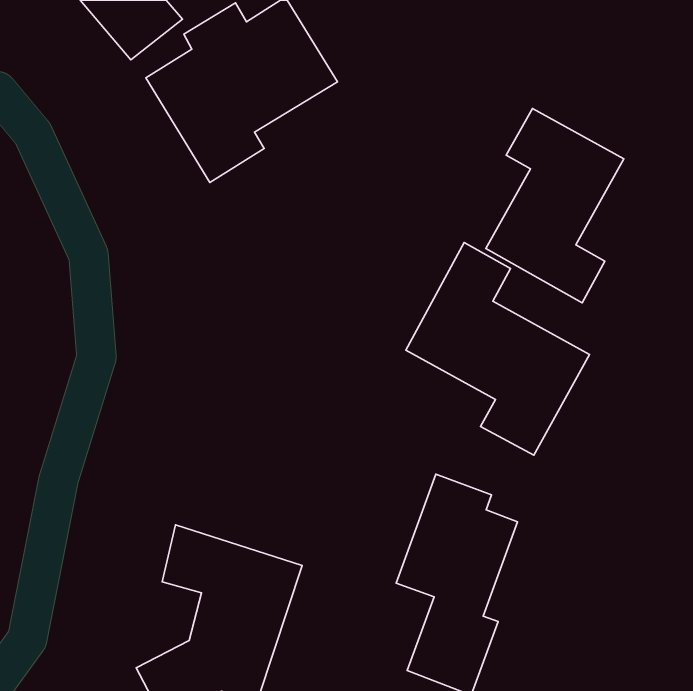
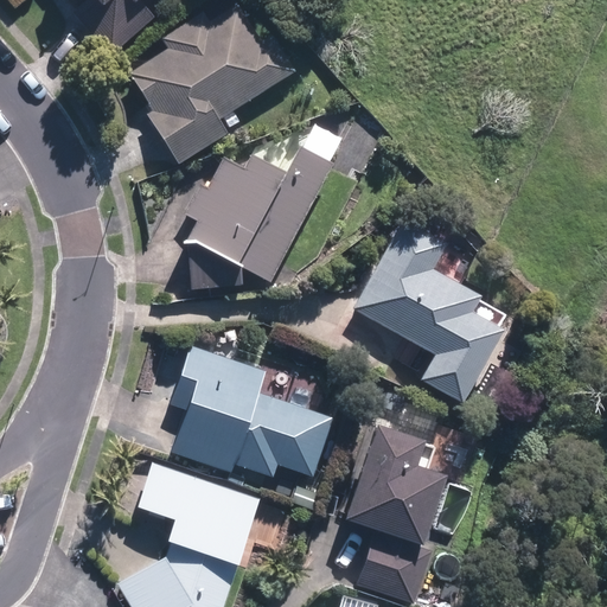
building: [486,108,624,303] -> none
building: none -> [190,120,346,290]
building: none -> [167,346,331,478]

